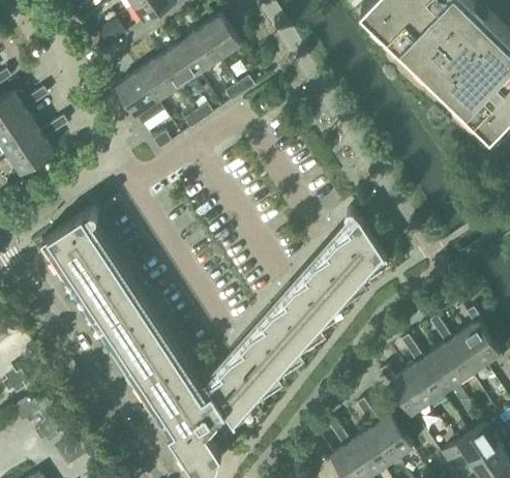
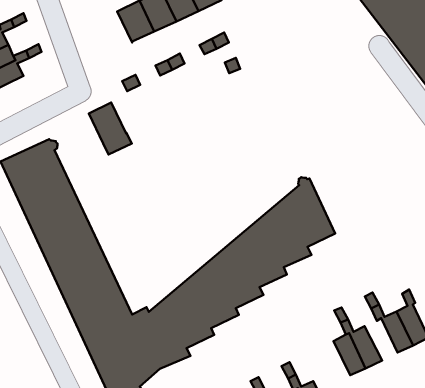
building: [115,73,162,126] -> [89,103,132,154]
building: [431,343,469,386] -> none
building: [378,369,424,416] -> none

